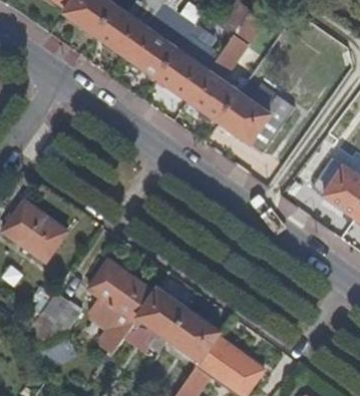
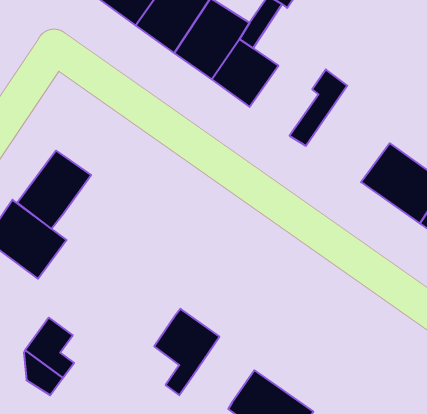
building: [215,91,270,147] -> none
building: none -> [17,151,91,229]
building: [89,260,155,353] -> none
building: [169,308,223,361] -> none

